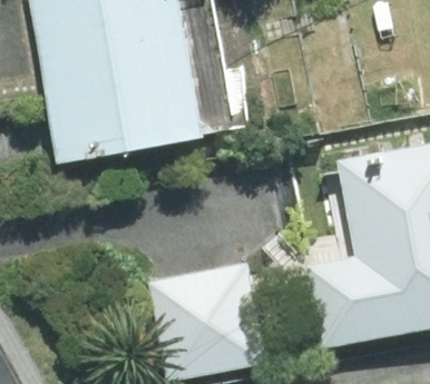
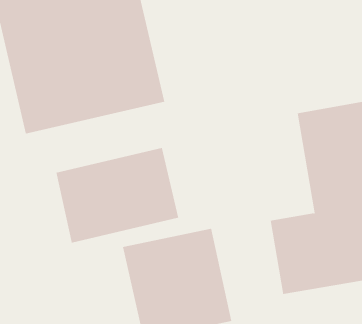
building: none -> [56,147,179,244]

